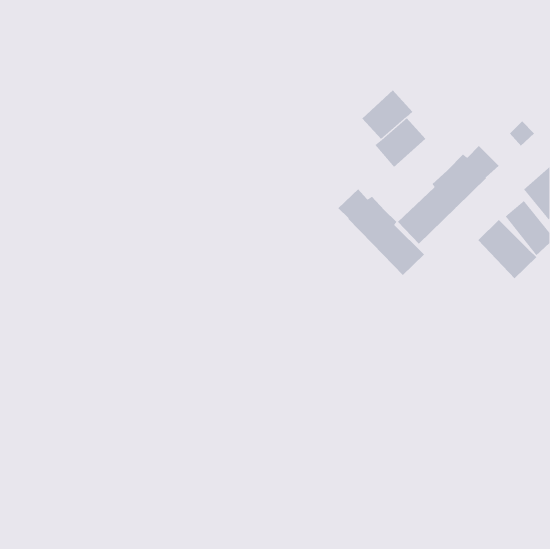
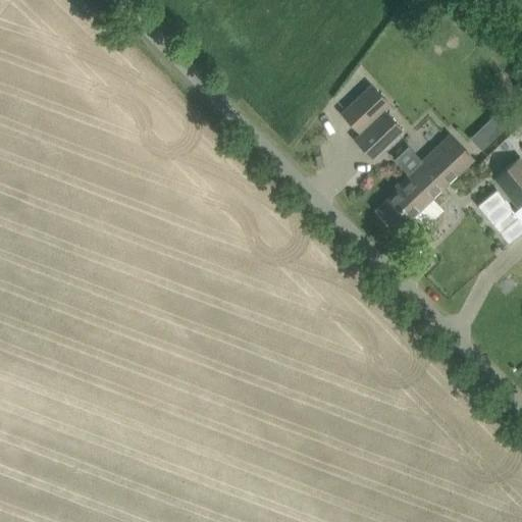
building: [337,189,425,276] -> none
building: [477,219,537,279] -> none

